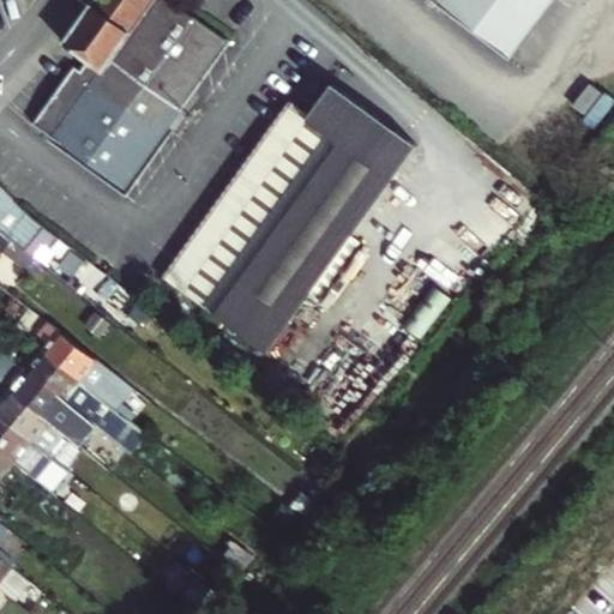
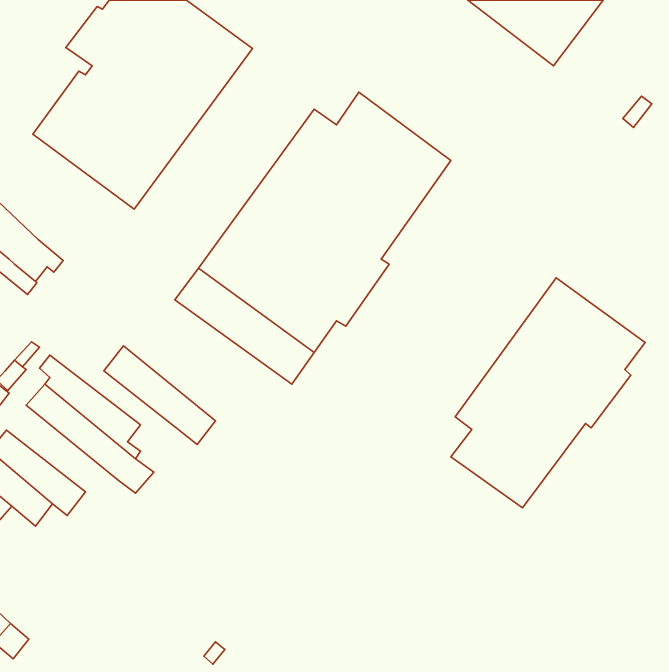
building: none -> [451,278,645,508]
building: [6,369,108,459] -> [104,346,215,445]

